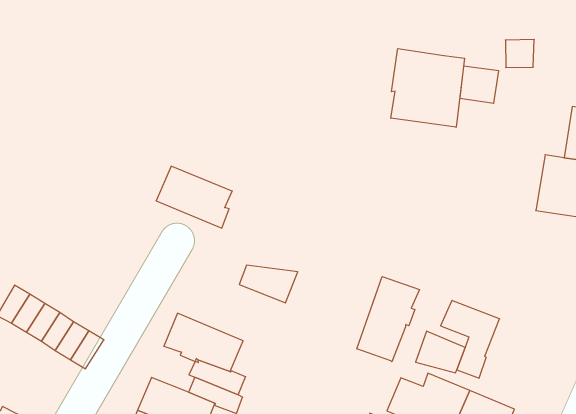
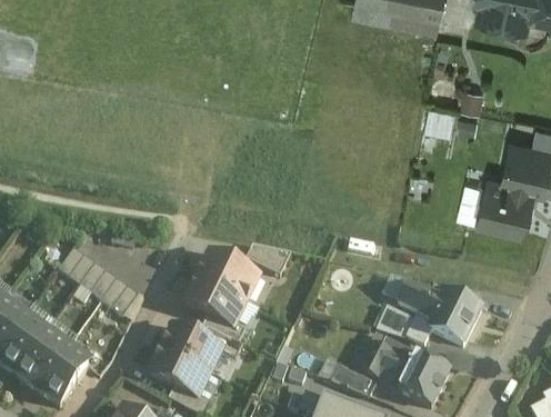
building: [391,49,465,127] -> none
building: [156,166,232,228] -> [197,255,256,305]
building: [357,277,419,362] -> none
building: none -> [430,292,481,346]

